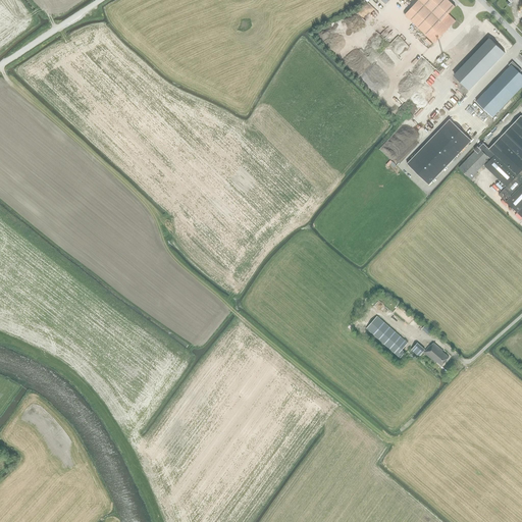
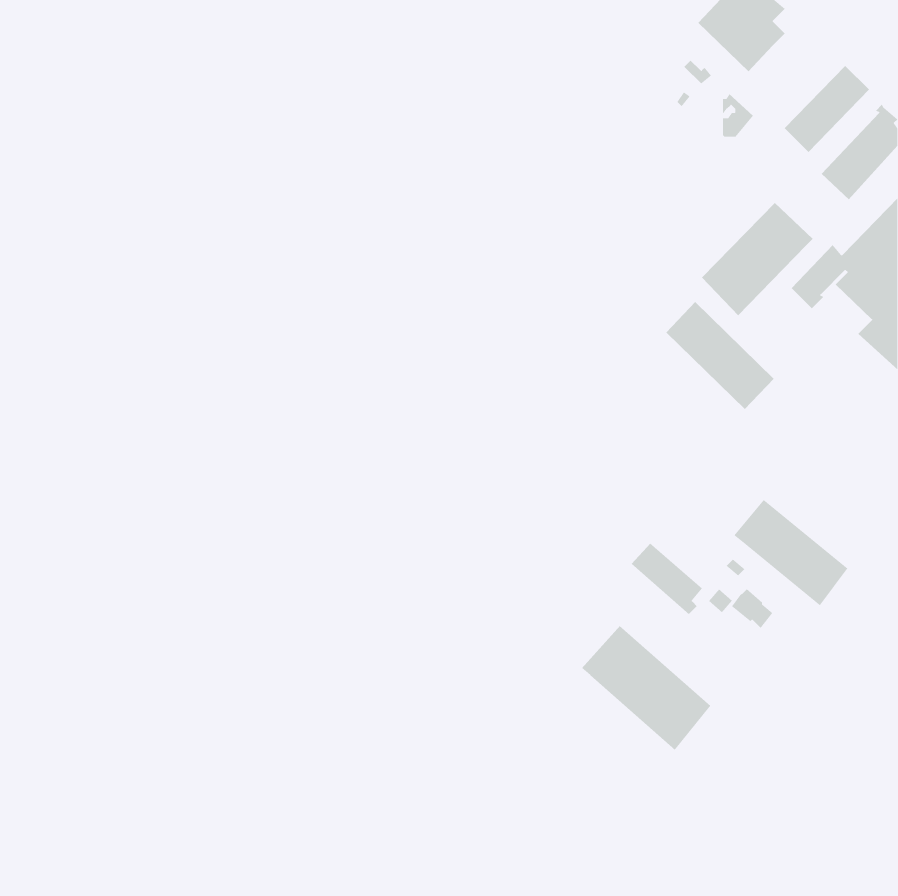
building: none -> [665,301,774,410]
building: none -> [733,499,848,606]
building: none -> [581,625,711,750]

